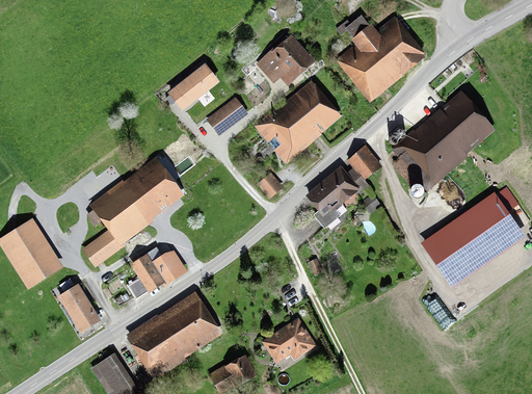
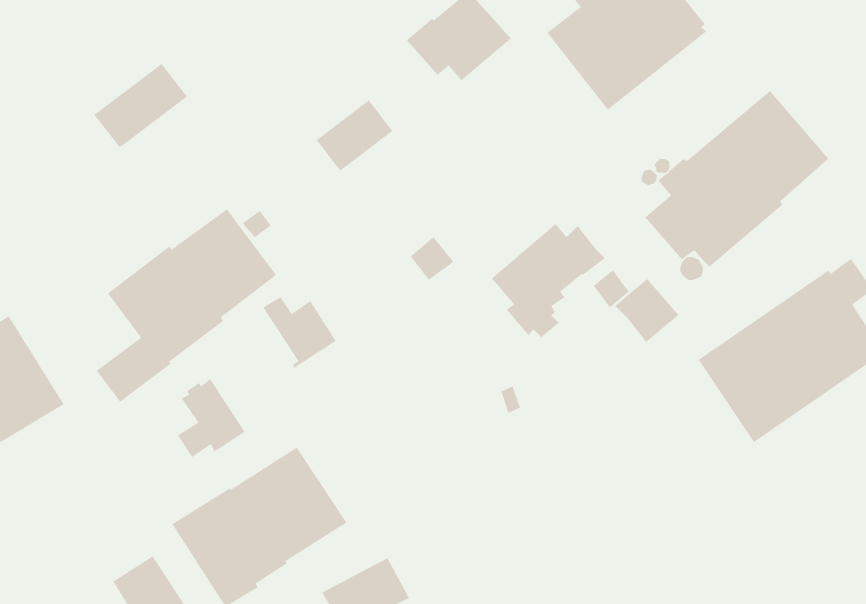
building: [166,63,219,111] -> [93,63,188,148]
building: [254,79,341,164] -> none
building: [346,145,382,181] -> [614,278,679,343]
building: [145,246,187,287] -> [262,296,336,368]
building: [50,278,101,334] -> none
building: [261,317,316,370] -> none

